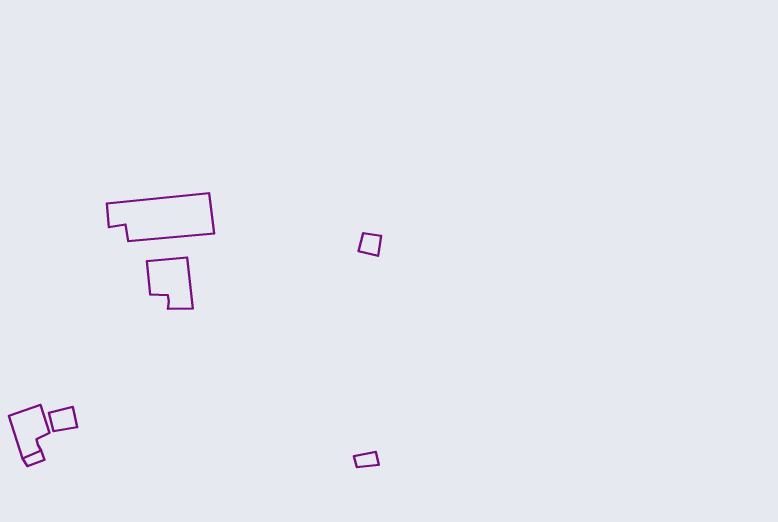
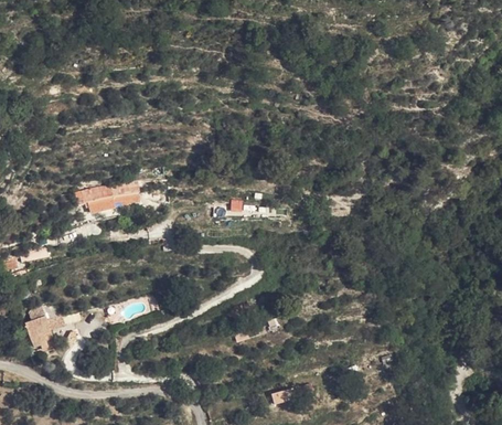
building: [147,257,193,309] -> none

